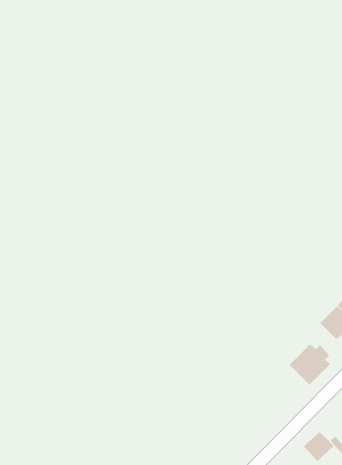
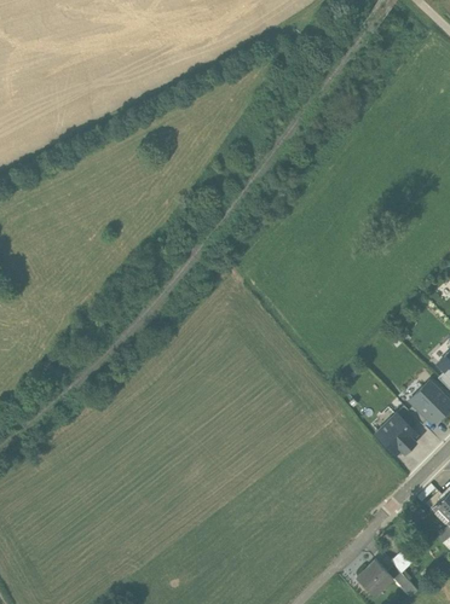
building: [289,344,331,385] -> none

